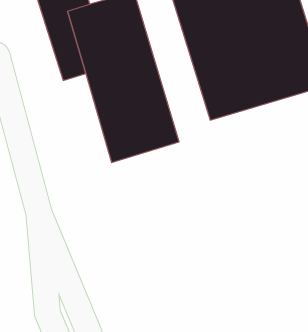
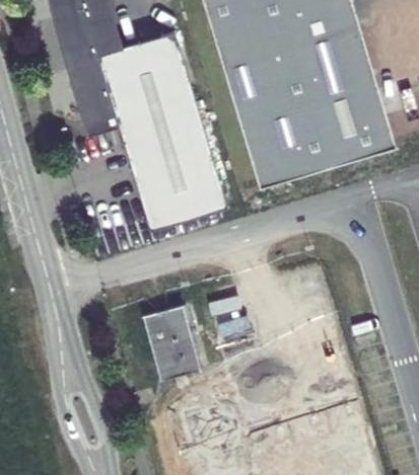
building: none -> [143,303,202,381]

